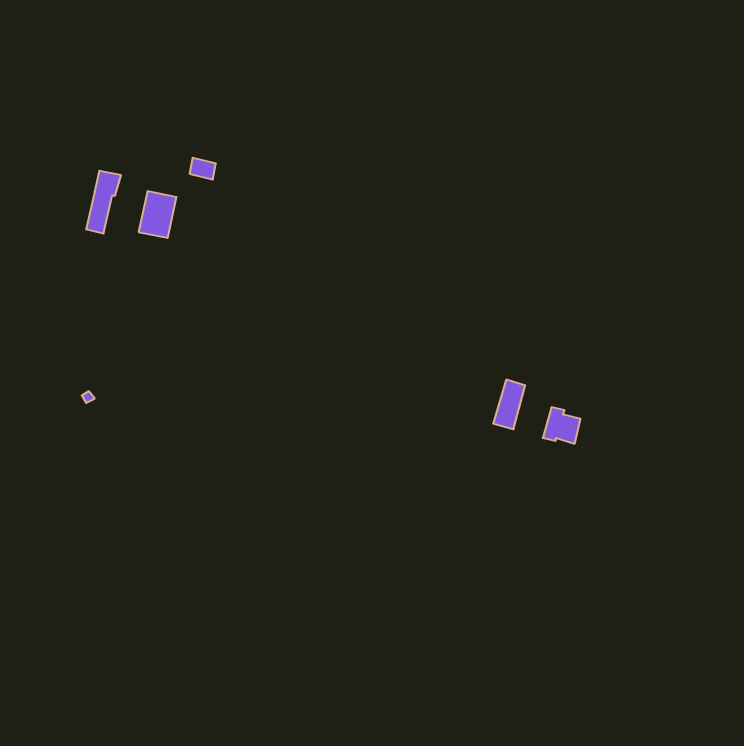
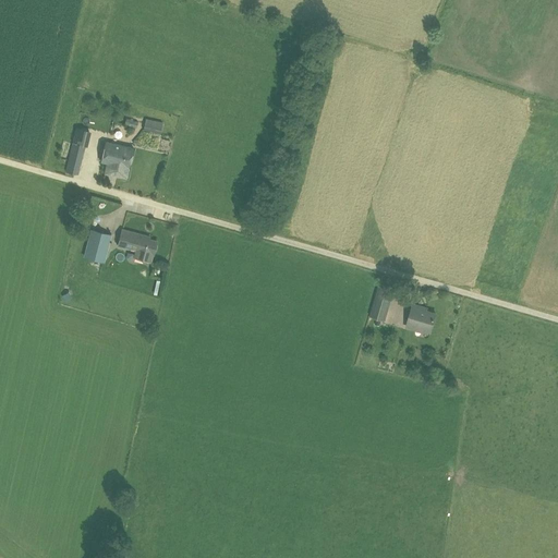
building: none -> [117,229,156,254]
building: none -> [87,231,112,269]

